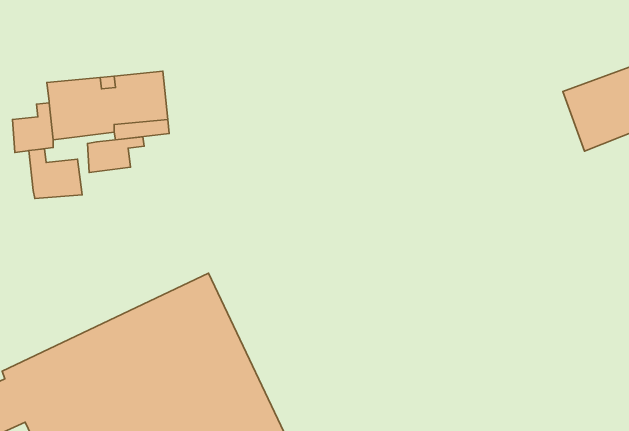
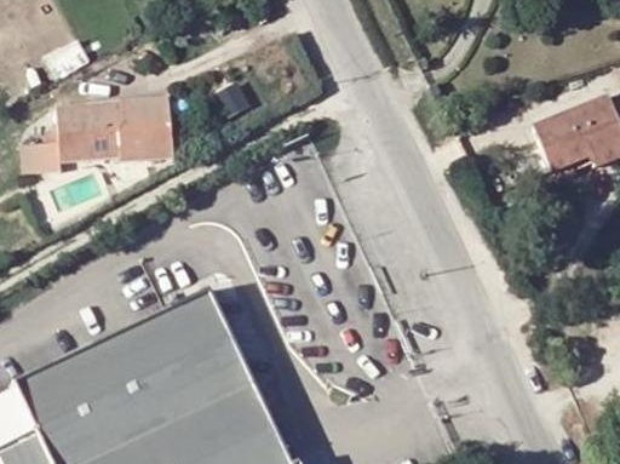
building: [87,137,144,172] -> none
building: [29,149,82,198] -> none

